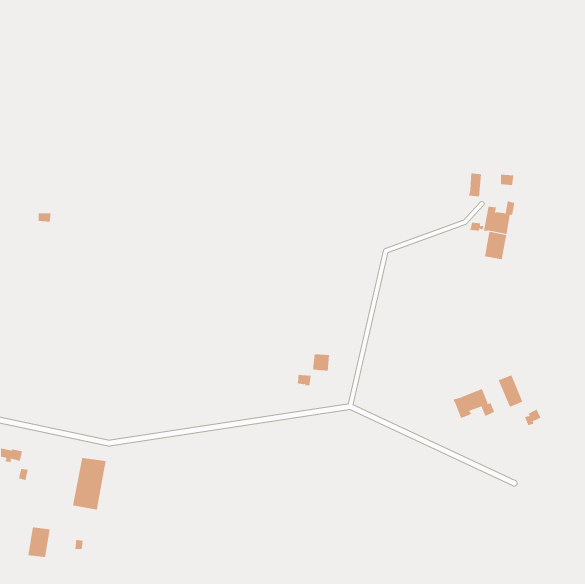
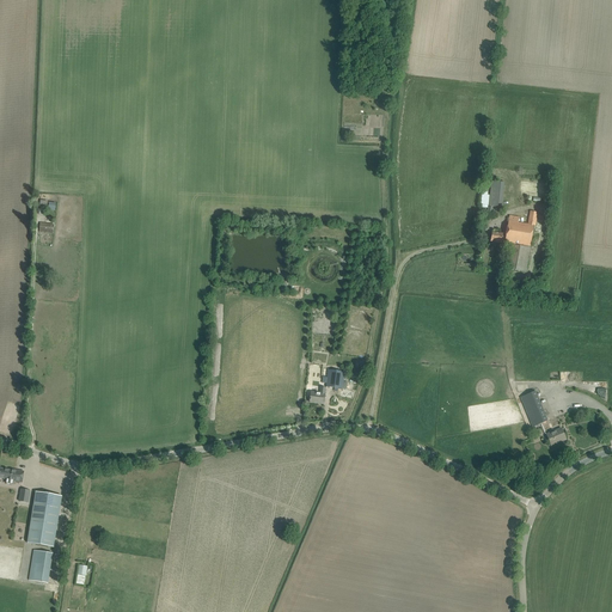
building: [453,388,495,419] -> none
building: [72,458,107,510] -> [26,491,62,546]

